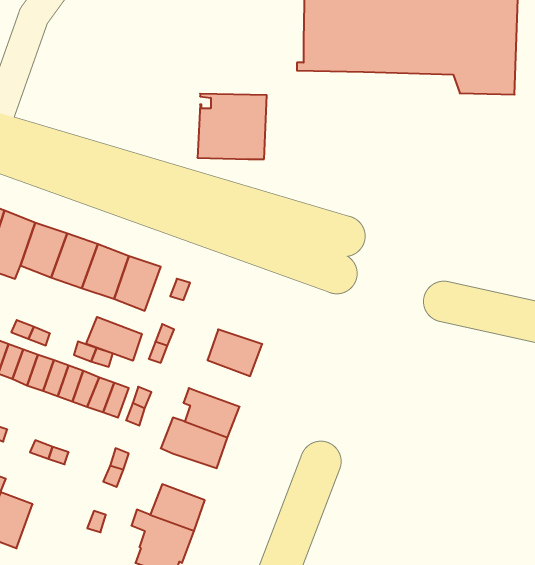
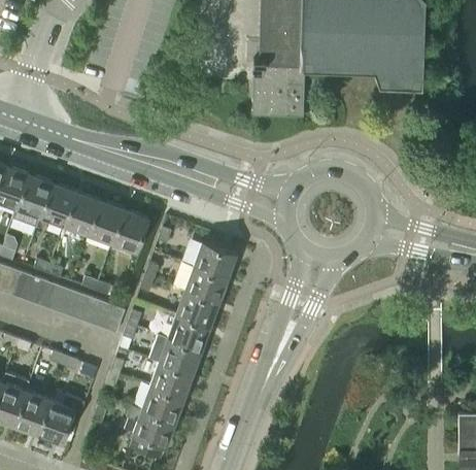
building: [197,94,267,159] -> [251,66,305,116]
building: none -> [193,241,235,277]
building: [86,317,142,361] -> none
building: none -> [175,290,217,326]
building: none -> [149,362,192,398]
building: none -> [37,394,84,443]

